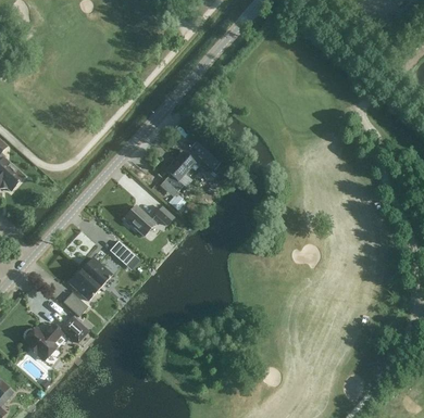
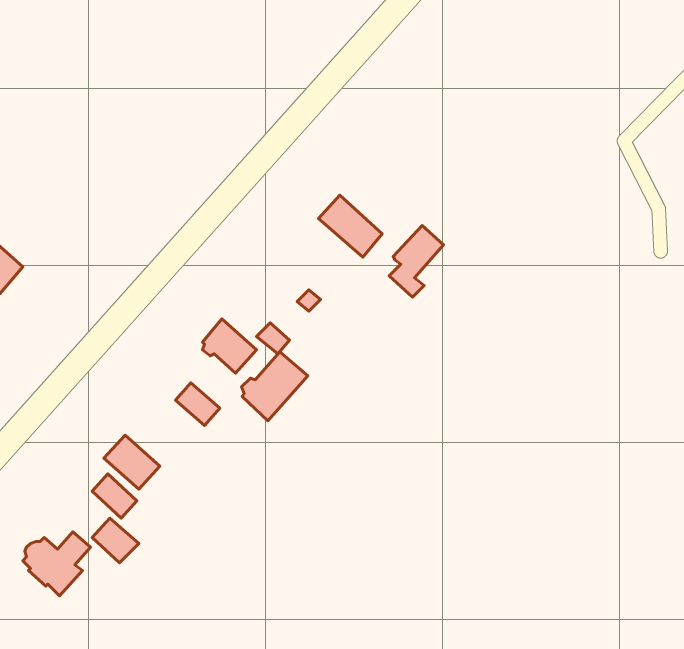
building: [163,152,194,192] -> [389,225,443,297]
building: none -> [241,352,308,421]
building: [80,257,111,288] -> none

